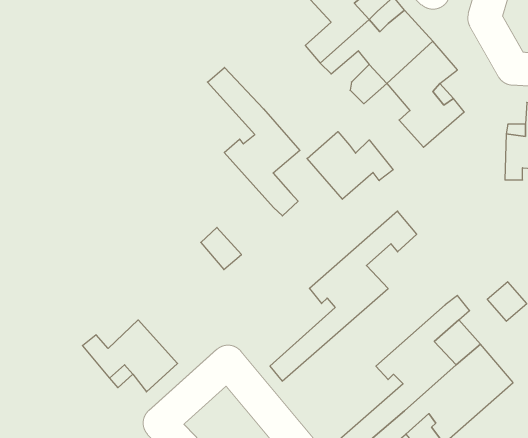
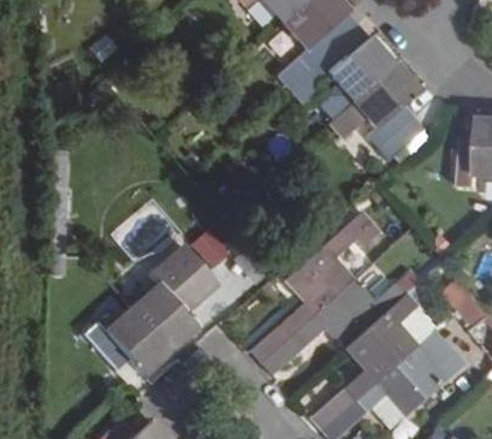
building: [207,67,300,216] -> none
building: [307,132,393,199] -> none
building: none -> [134,248,213,348]
building: none -> [261,272,421,376]

